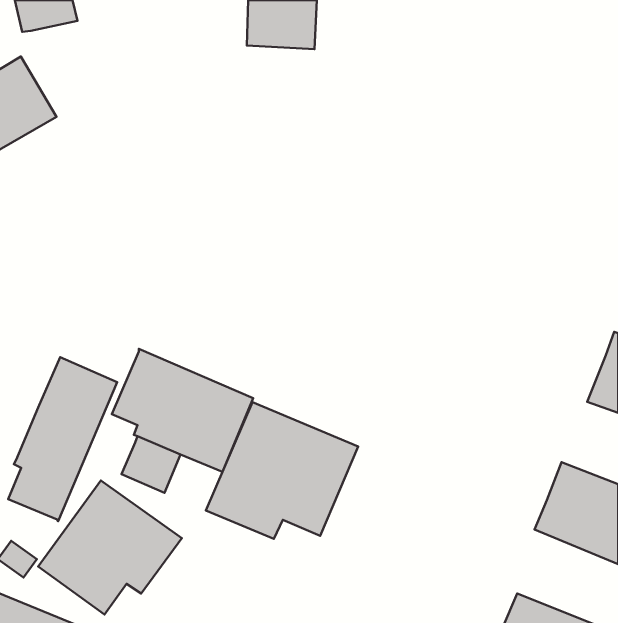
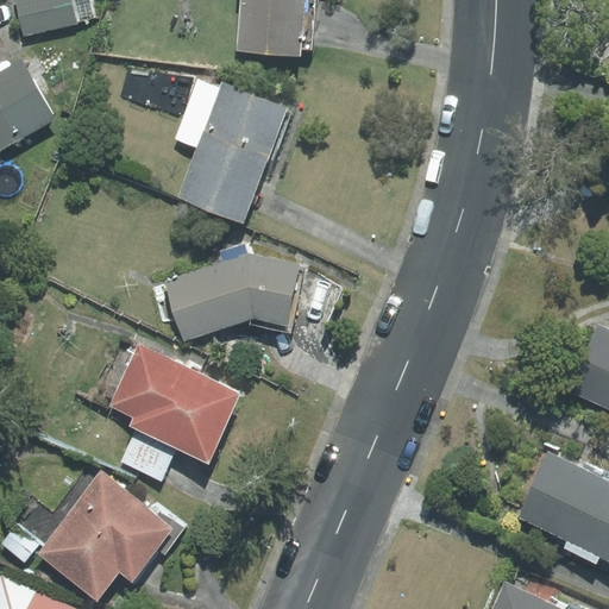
building: none -> [177,82,290,222]
building: none -> [162,250,303,344]
building: [8,357,117,521] -> none
building: [206,402,358,539] -> none

